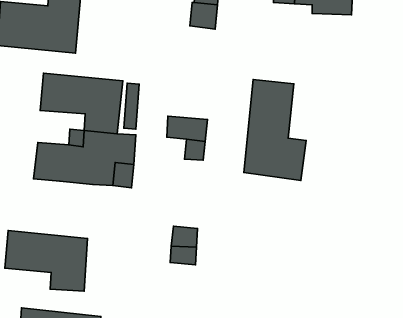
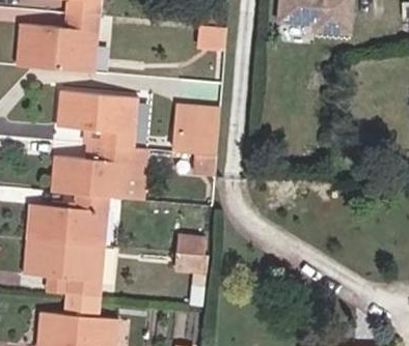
building: [244,80,306,180] -> none
building: none -> [179,107,218,135]
building: none -> [28,193,108,247]

